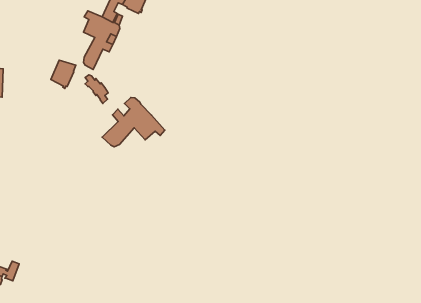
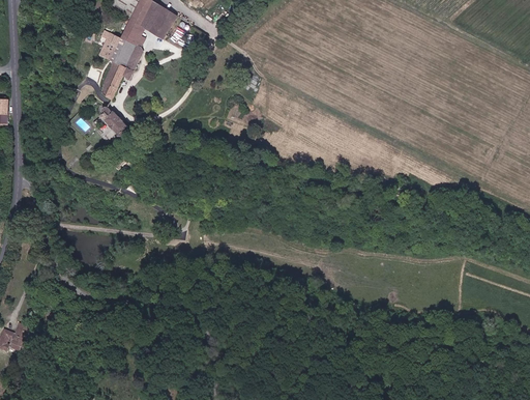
building: [51,60,76,88] -> none
building: [102,98,165,147] -> none

